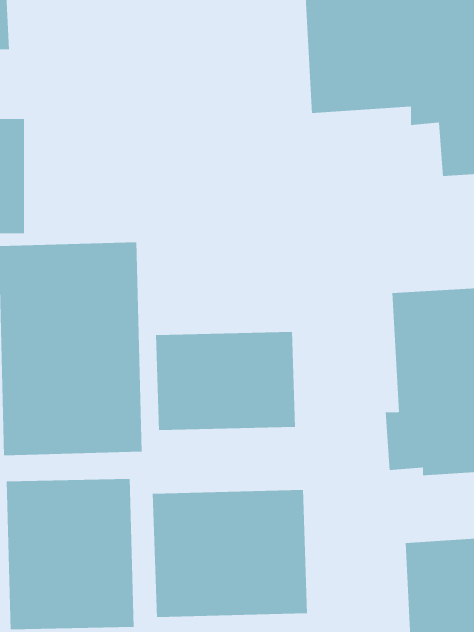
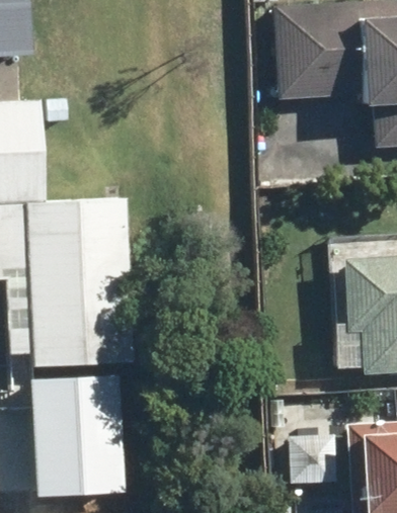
building: [155,331,296,431] -> none
building: [152,489,307,618] -> none

